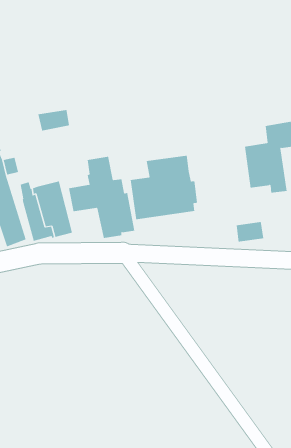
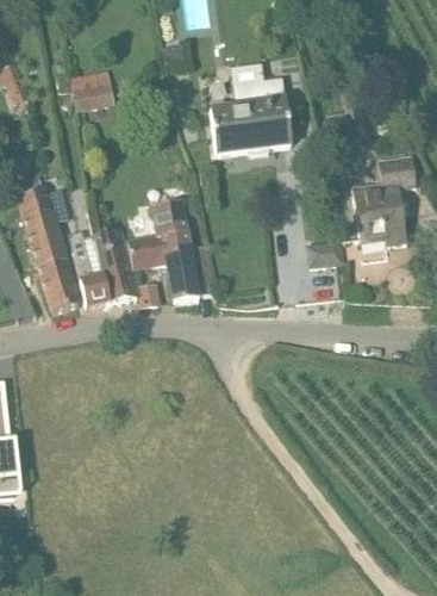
building: [38,109,70,131] -> [74,83,114,111]
building: [130,155,198,220] -> [208,76,294,157]
building: [236,221,264,242] -> [307,240,343,266]

